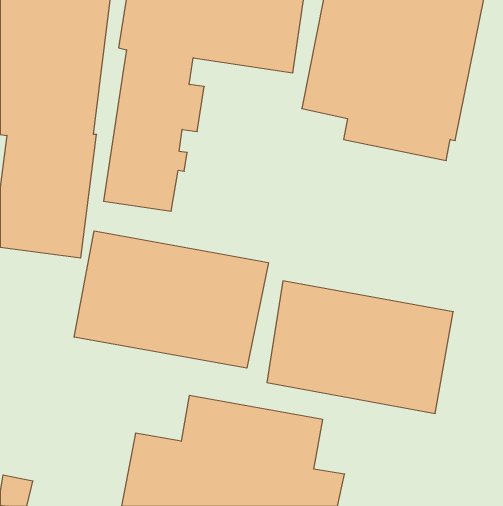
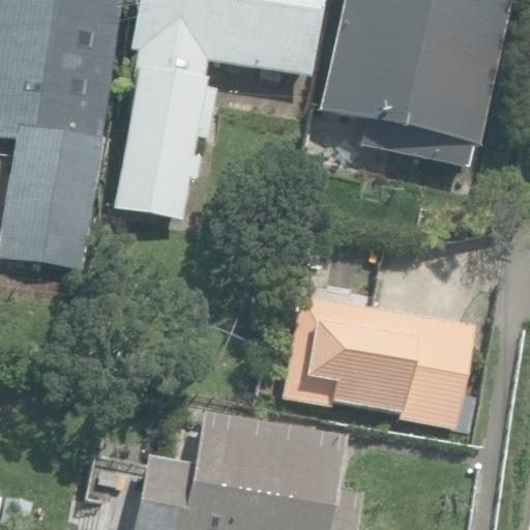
building: [74,231,268,368] -> none

